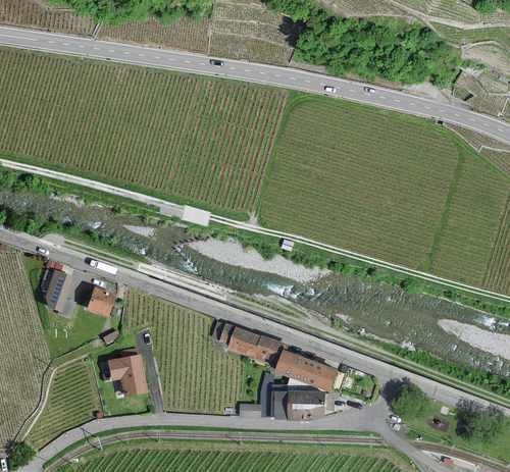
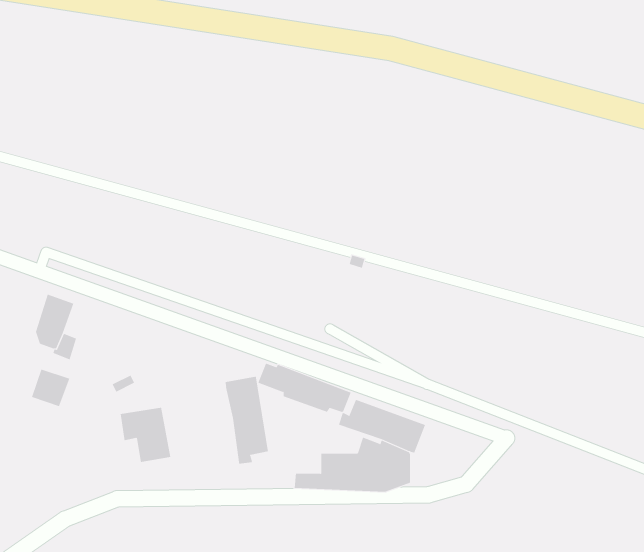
building: [85,287,114,316] -> [31,369,70,407]
building: none -> [225,376,269,465]

